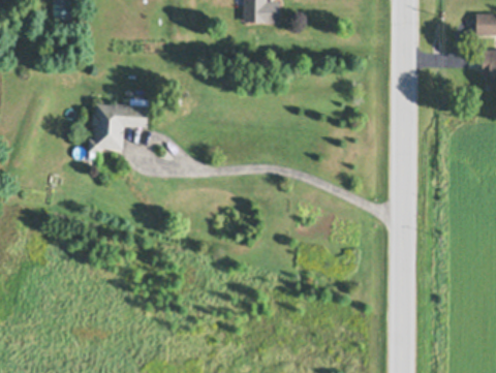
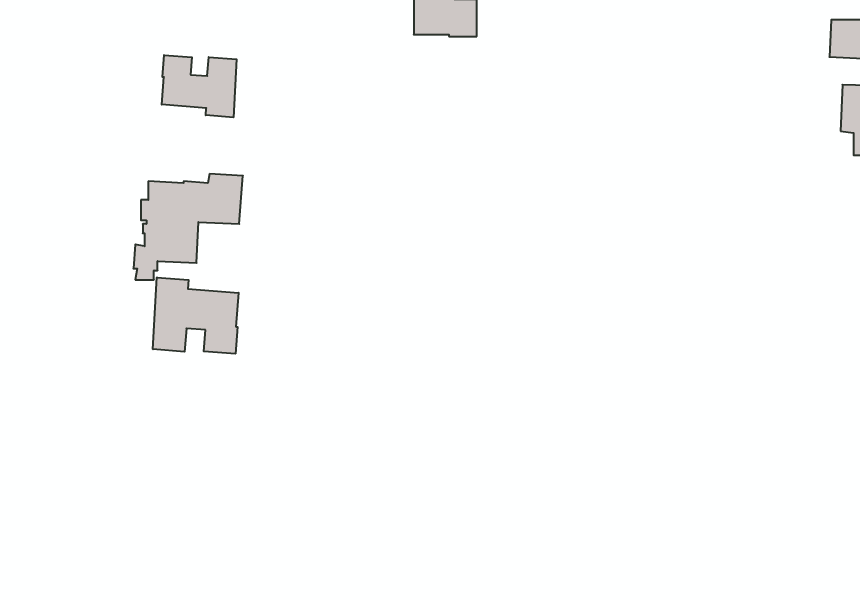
building: none -> [162,55,237,117]
building: none -> [153,277,239,354]

